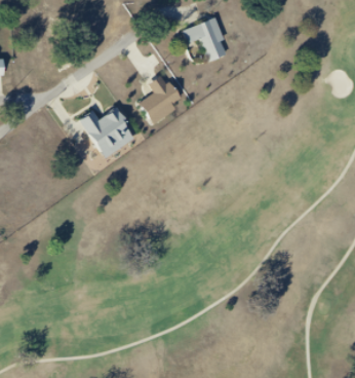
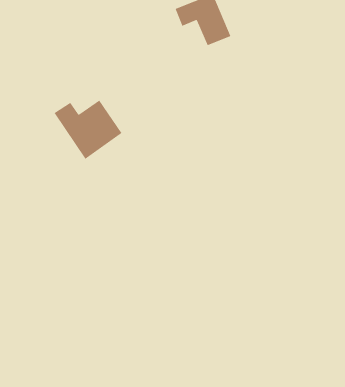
building: [136,75,181,125] -> none

